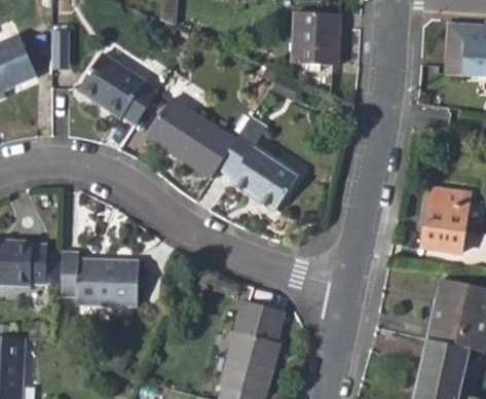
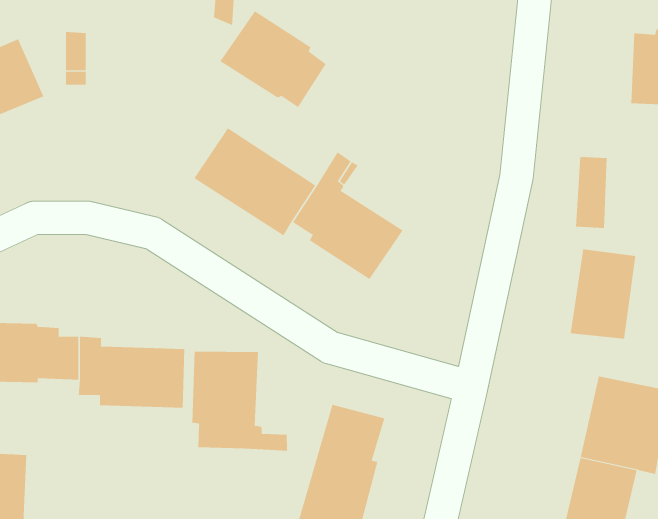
building: [291,12,339,65] -> none
building: [442,29,465,81] -> [575,156,608,228]
building: [77,53,155,124] -> [219,10,327,108]
building: none -> [192,351,287,451]

